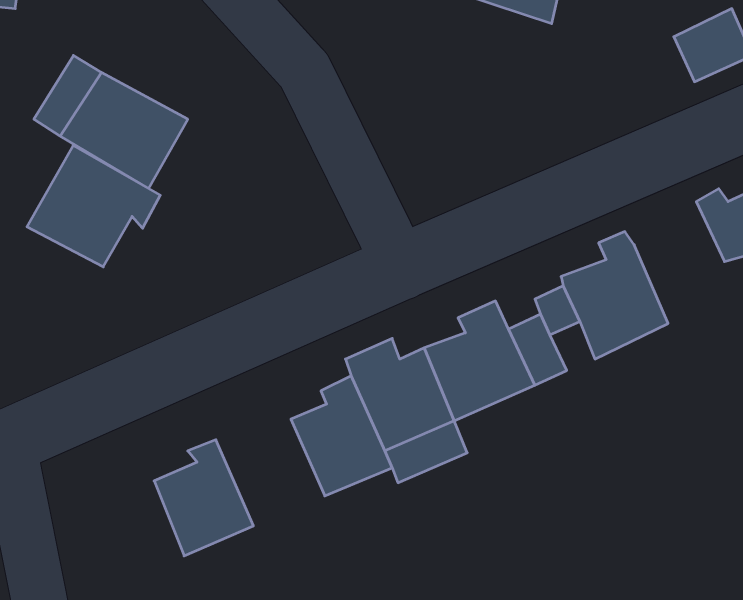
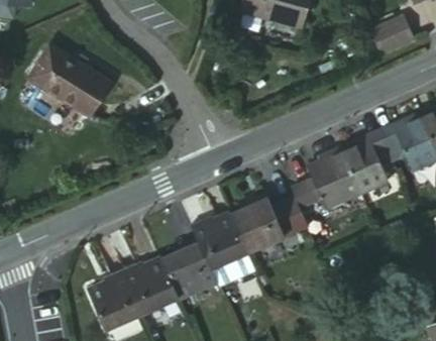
building: [27,146,160,267] -> none
building: none -> [348,126,397,192]
building: none -> [123,243,182,301]

